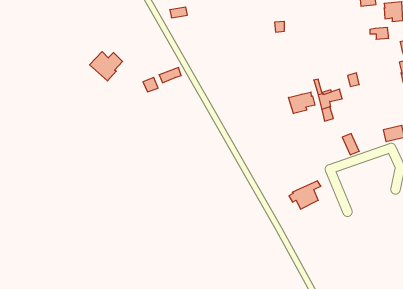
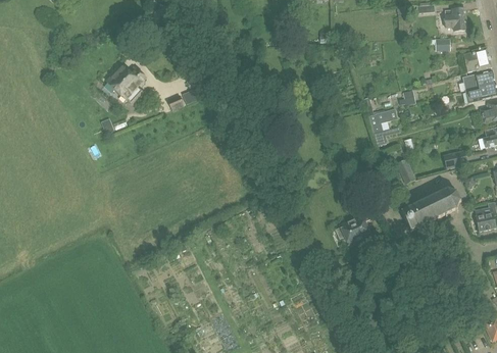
building: [289,92,315,114] -> none
building: none -> [400,186,460,232]

